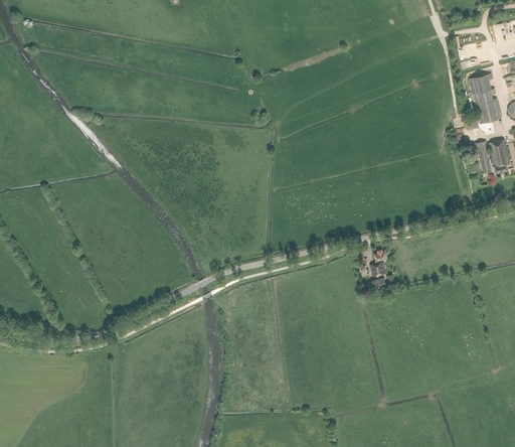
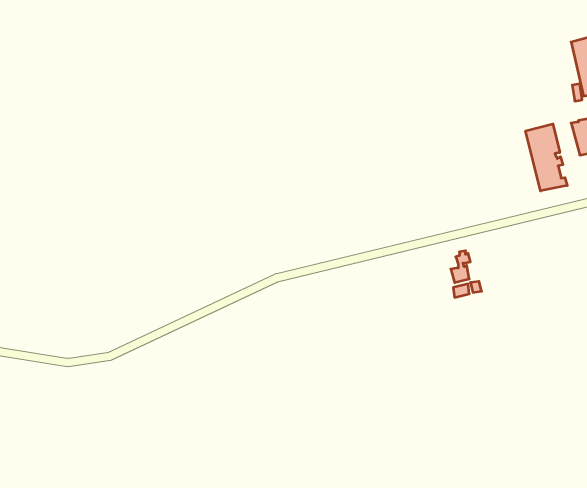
building: none -> [526,124,567,191]

